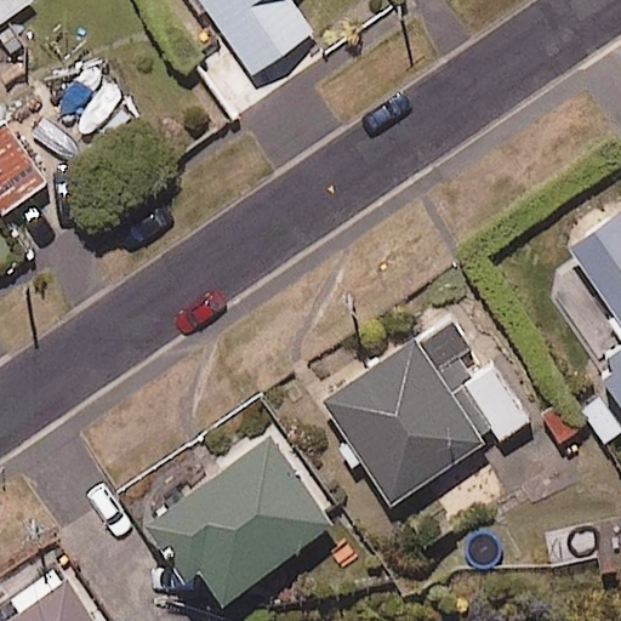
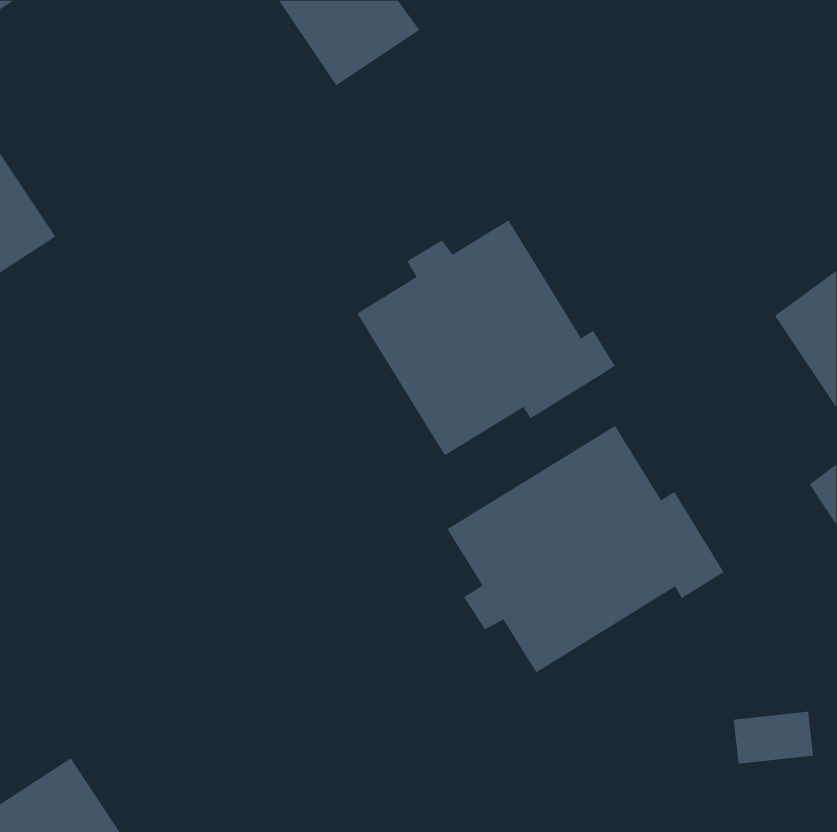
building: none -> [356,219,616,456]
building: [149,440,332,603] -> none

